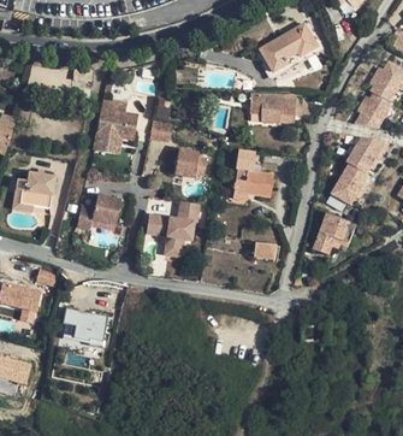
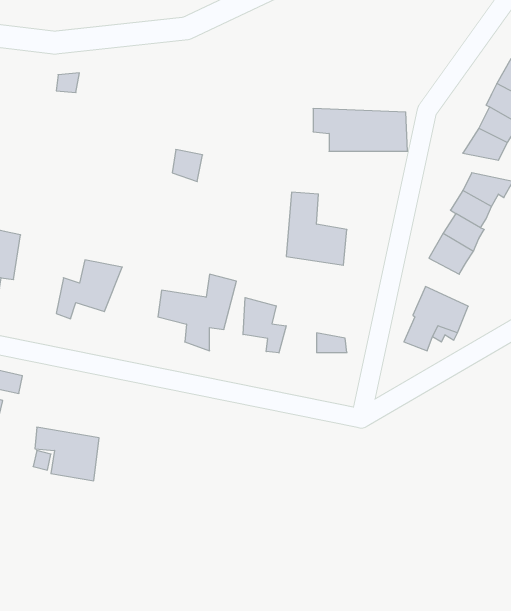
building: [259,24,318,77] -> none
building: [95,98,142,151] -> none
building: [176,149,208,178] -> none
building: none -> [243,298,286,353]

